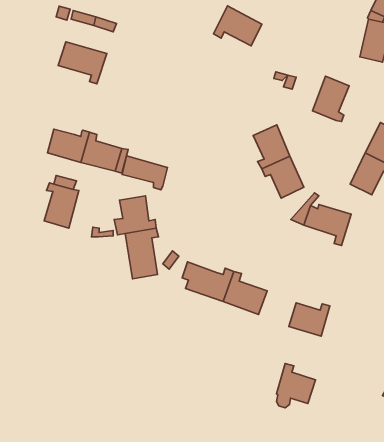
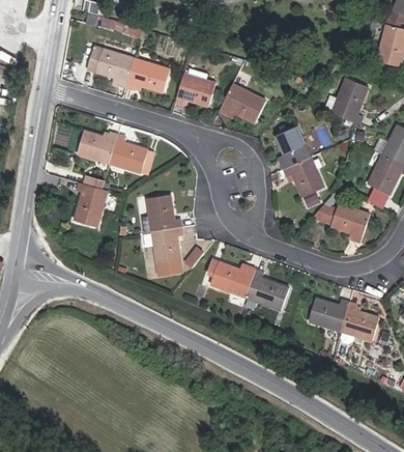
building: [213,6,262,46] -> [219,83,265,121]
building: none -> [124,58,170,92]
building: none -> [174,74,214,107]
building: [122,156,167,190] -> none
building: [277,364,315,408] -> [340,301,377,343]

